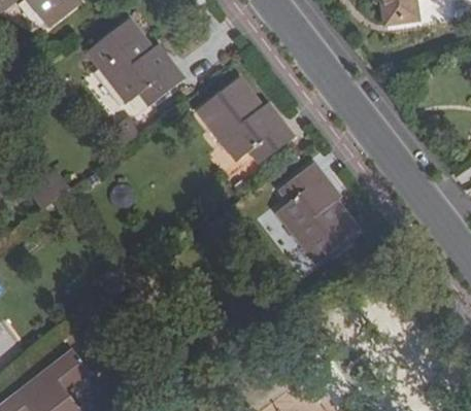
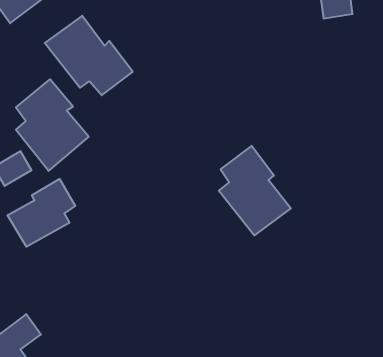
building: [195,78,290,164] -> none
building: none -> [16,79,89,171]
building: none -> [8,179,75,247]

